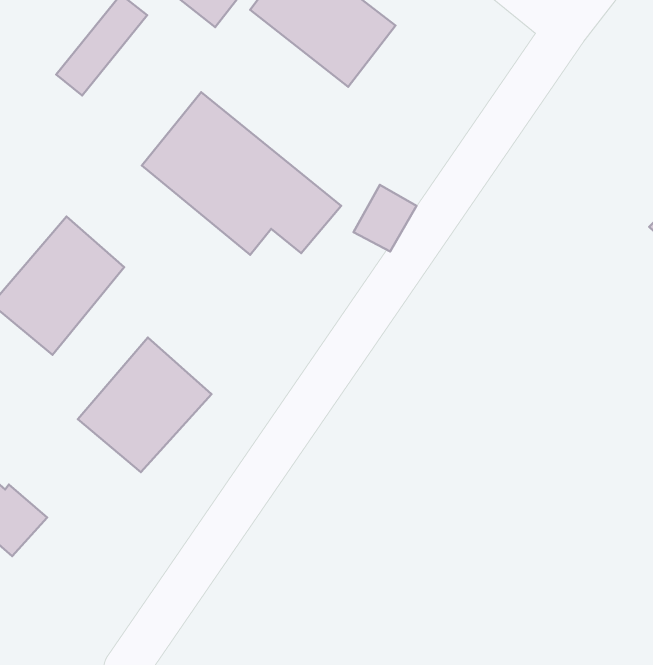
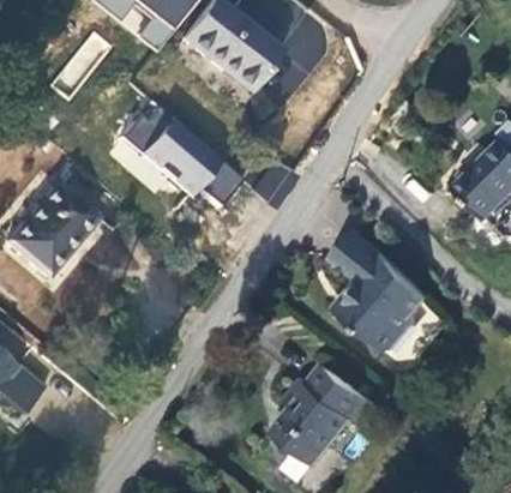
building: none -> [337,233,429,349]
building: [78,338,212,472] -> none
building: none -> [273,363,379,465]

